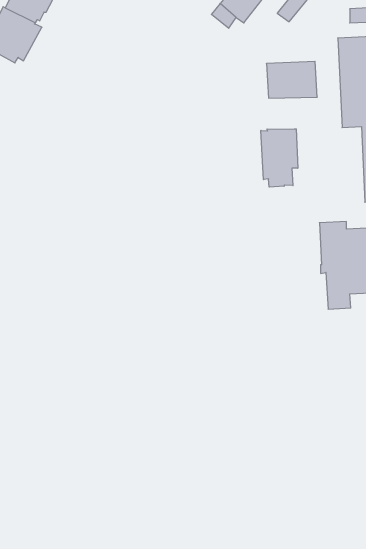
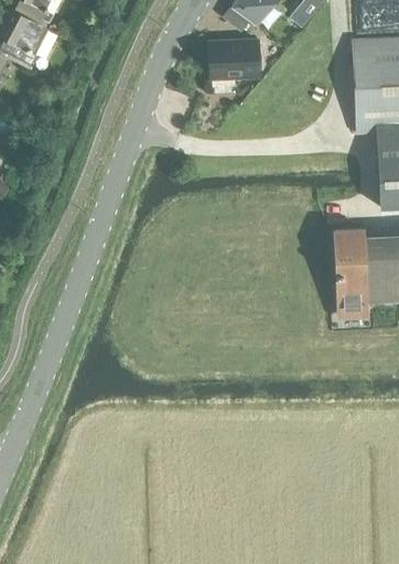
building: [266,61,317,98] -> [208,40,260,77]
building: [261,129,298,187] -> none

